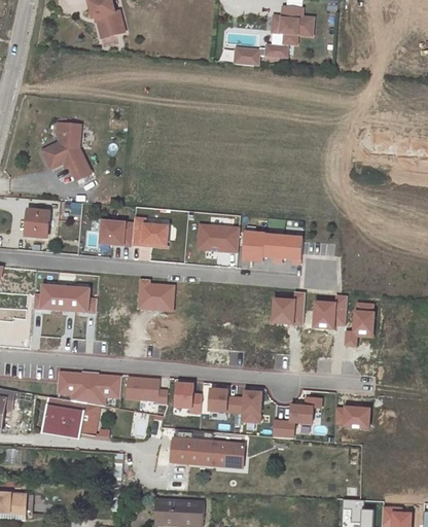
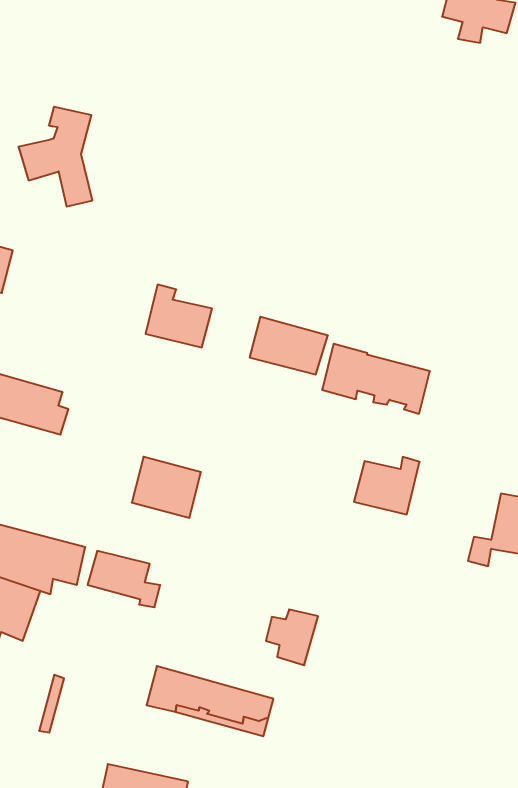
building: [236,43,288,67] -> none
building: [100,221,133,246] -> none
building: [137,280,174,311] -> [132,457,201,518]
building: [312,294,348,329] -> none
building: [175,383,201,413] -> none
building: [208,388,235,412] -> none
building: [272,397,321,437] -> none
building: [333,406,369,429] -> none

